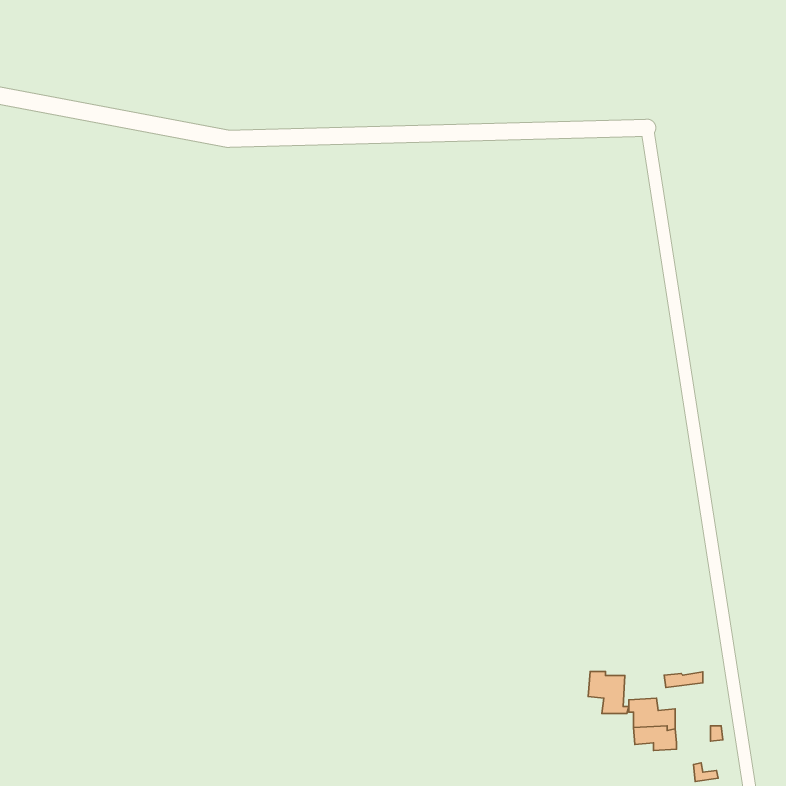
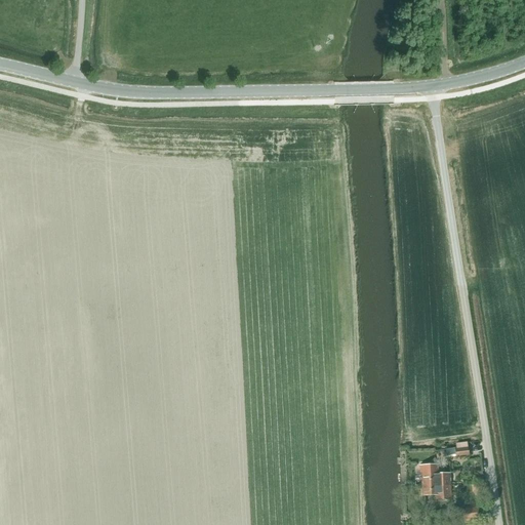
building: [588,671,629,713] -> none

